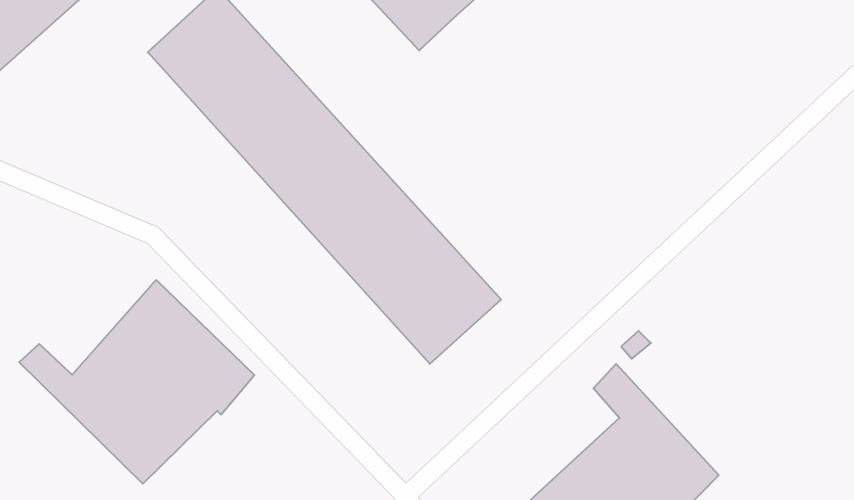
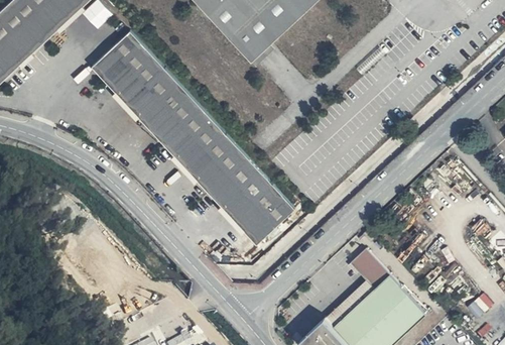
building: [19,280,254,484] -> none

